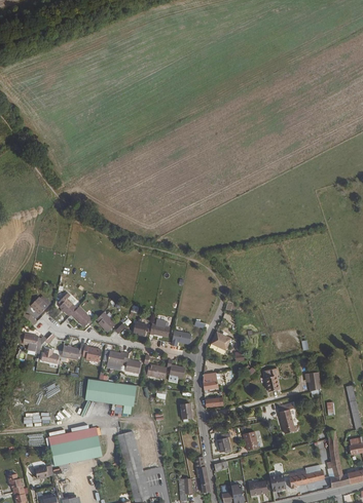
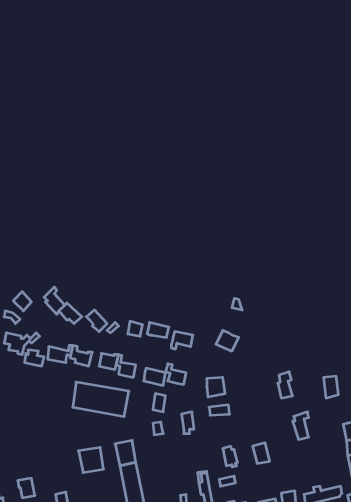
building: [60,438,90,464] -> none

